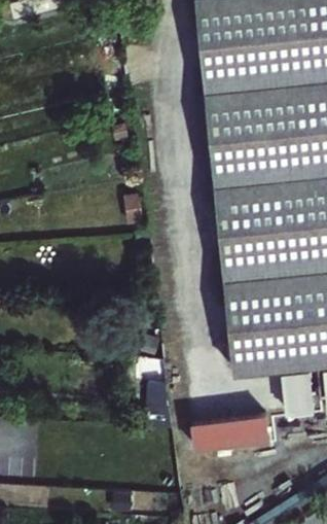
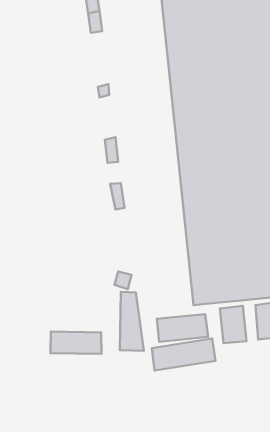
building: none -> [157,314,208,342]
building: none -> [50,332,102,354]

